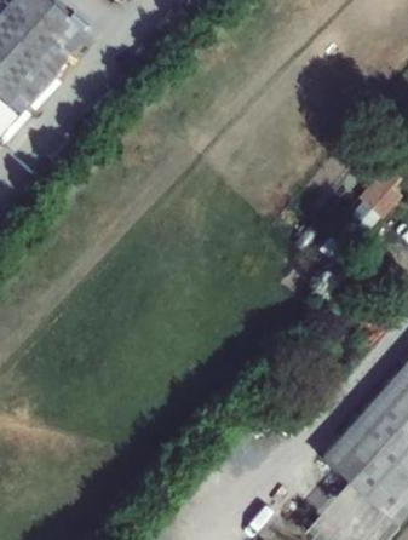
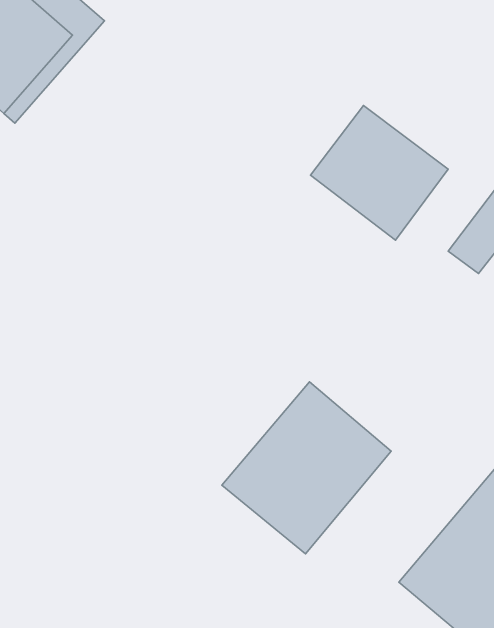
building: none -> [310,106,448,240]
building: none -> [222,382,391,554]

